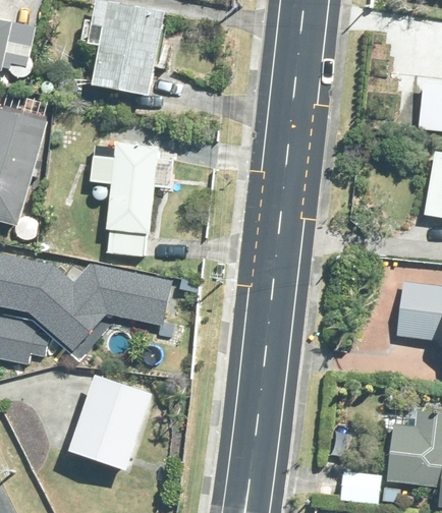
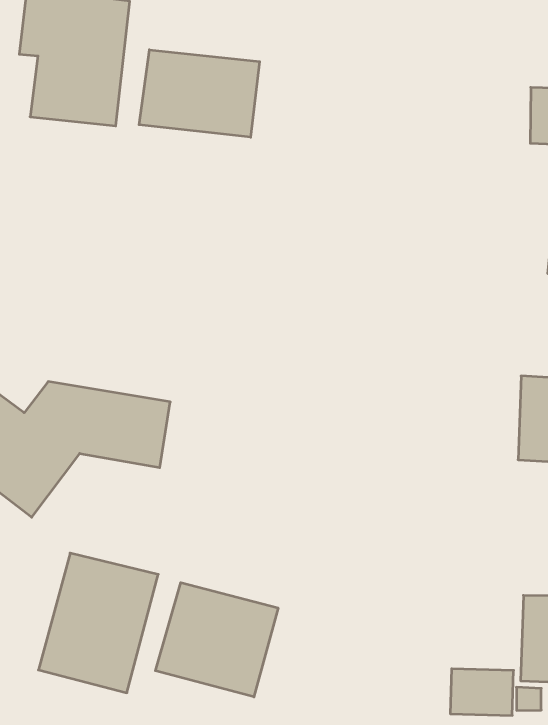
building: none -> [139,50,260,137]
building: [106,141,173,255] -> none
building: none -> [155,583,278,697]

